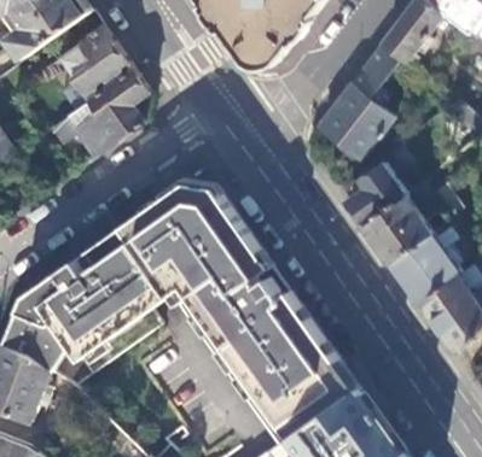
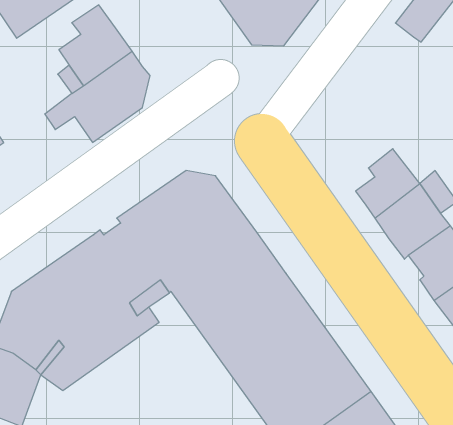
building: [318,42,399,158] -> none

